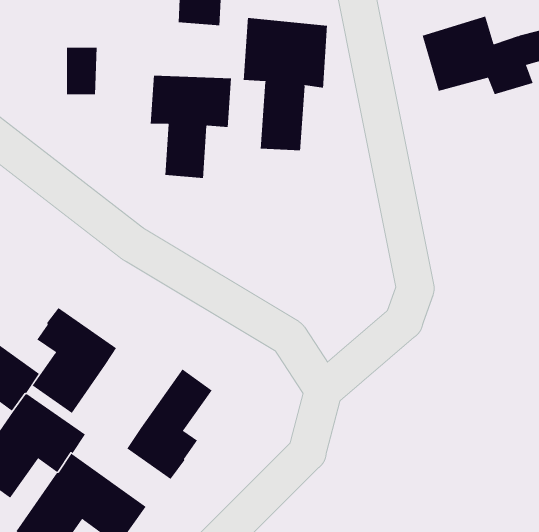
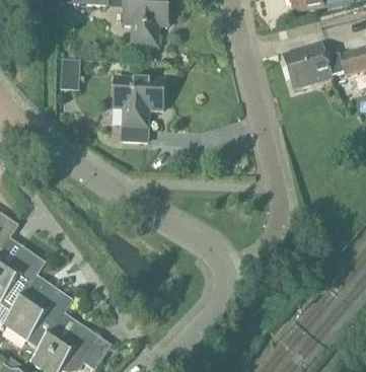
building: [243,17,328,151] -> none
building: [32,307,117,414] -> none
building: [126,369,212,480] -> none

